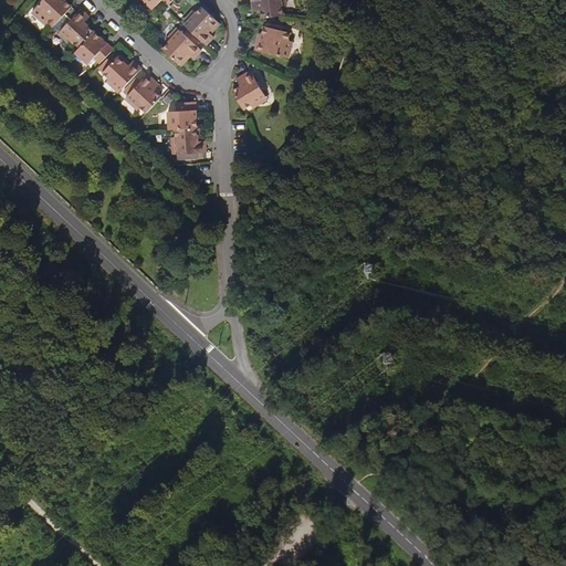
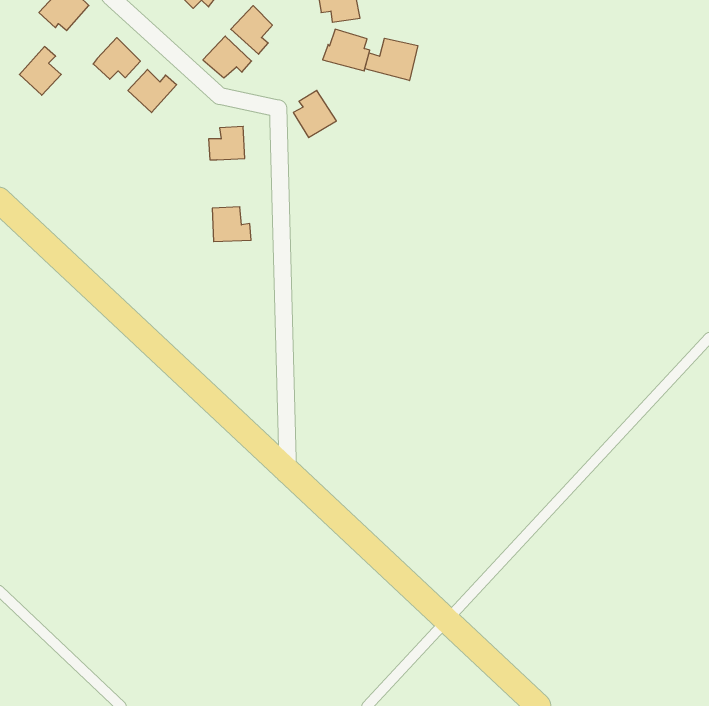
building: [60,8,93,46] -> [19,47,61,95]
building: none -> [365,38,418,81]
building: [126,74,160,113] -> none
building: [172,126,203,154] -> [212,207,251,242]

